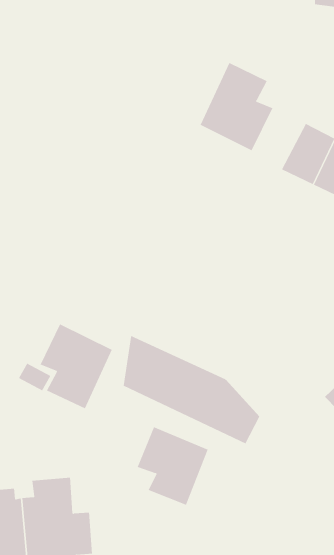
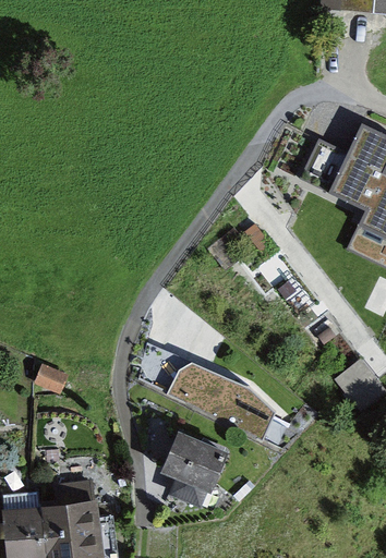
building: [200,62,273,151] -> none
building: [40,324,113,409] -> none

